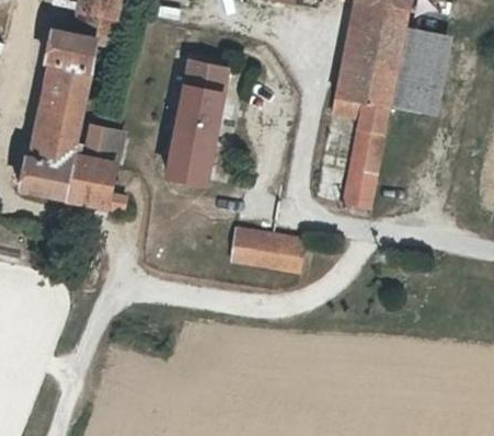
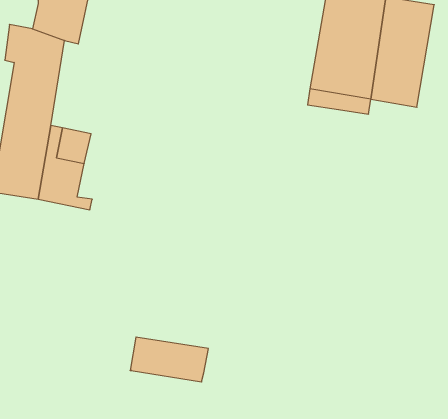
building: [165,61,225,184] -> none
building: [344,115,387,207] -> none
building: [230,226,305,268] -> [130,337,208,382]

